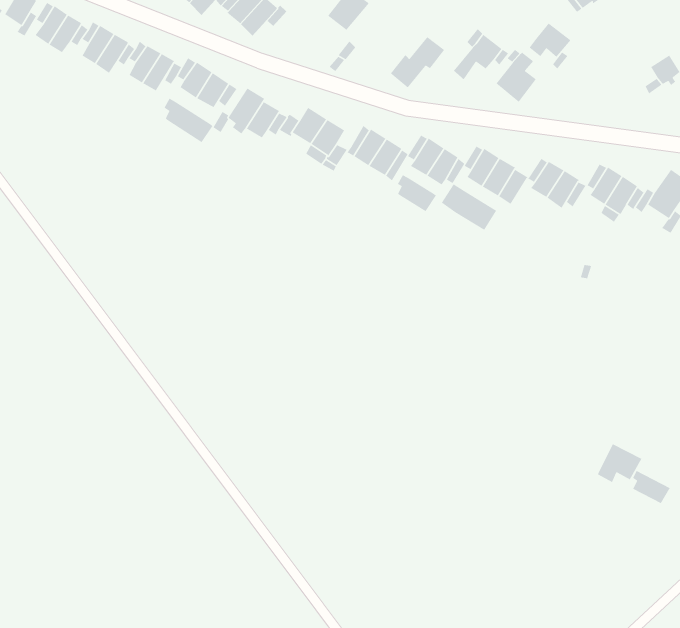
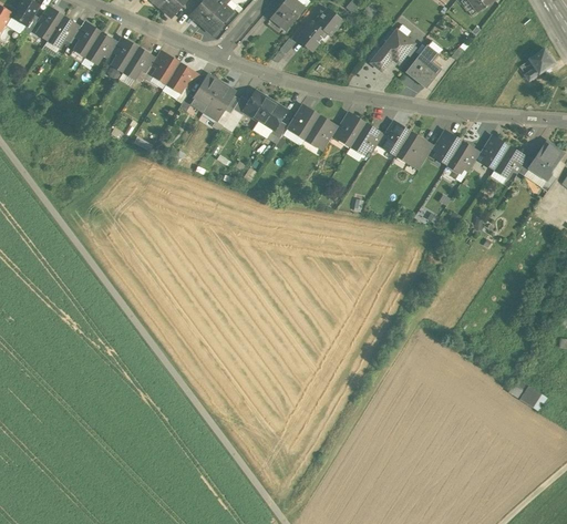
building: [529,22,571,58] -> none
building: [390,36,445,89] -> [297,9,341,51]
building: [164,98,214,143] -> none
building: [397,174,437,212] -> none
building: [441,184,497,231] -> none
building: [597,443,643,483] -> none

